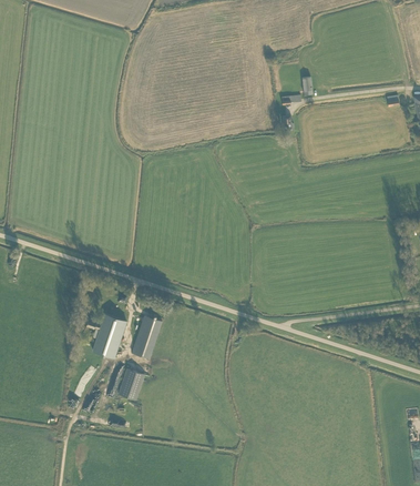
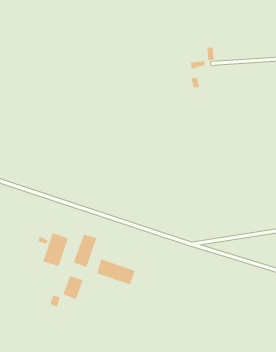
building: none -> [96,258,135,285]

